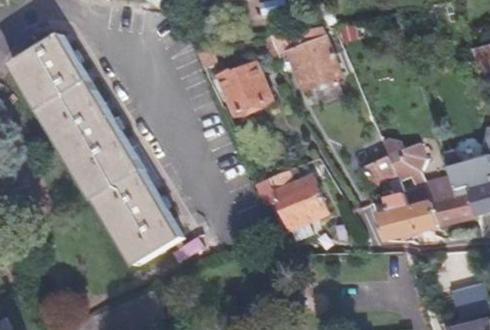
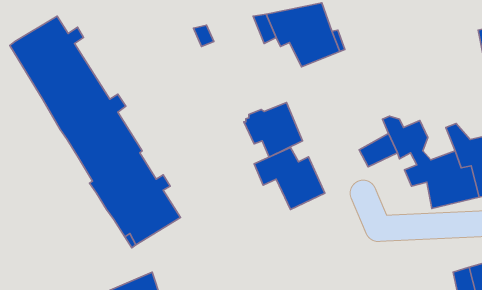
building: [209,60,267,114] -> [244,103,302,157]
building: [374,188,429,238] -> none

